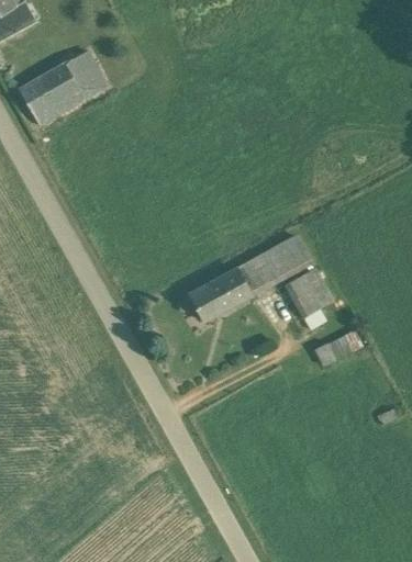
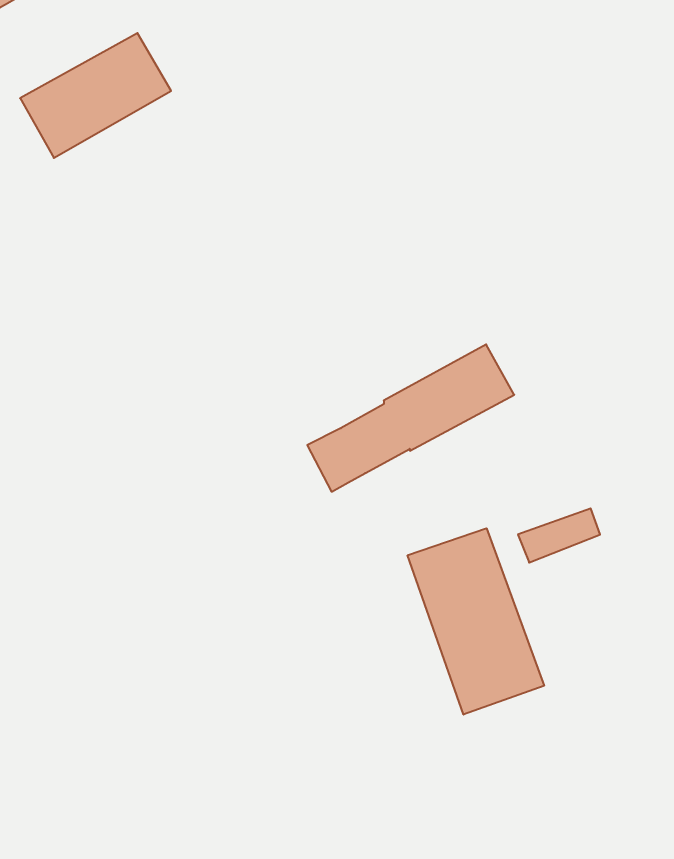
building: [285,274,322,317] -> none
building: none -> [408,528,544,715]

